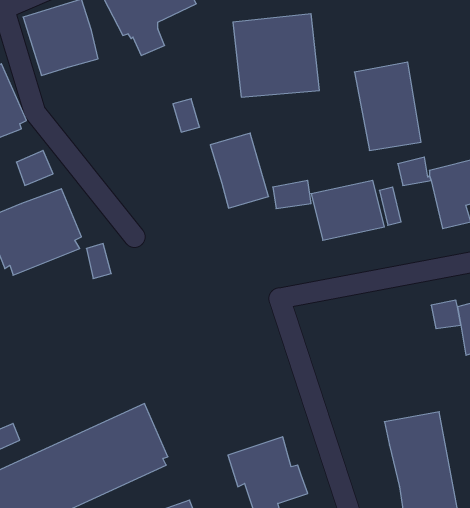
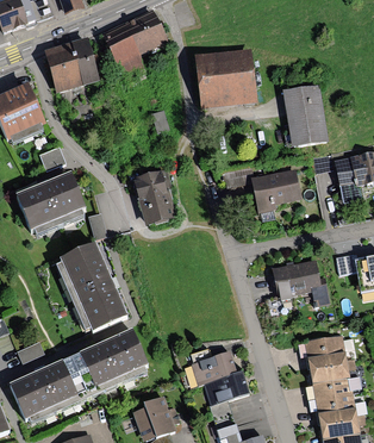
building: [210,133,269,208] -> [133,170,175,224]
building: none -> [56,243,126,330]
building: none -> [272,258,330,305]

